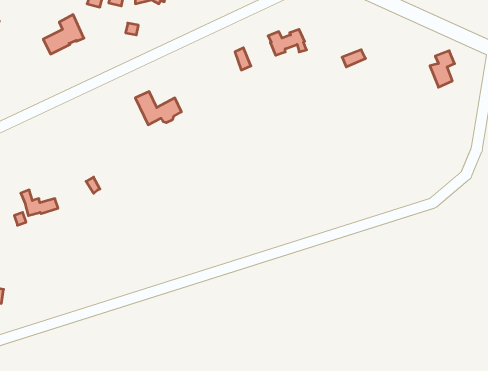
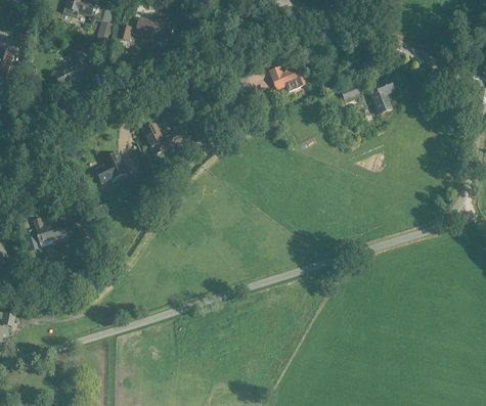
building: [430,51,455,87] -> [371,80,395,115]
building: none -> [97,152,129,184]

